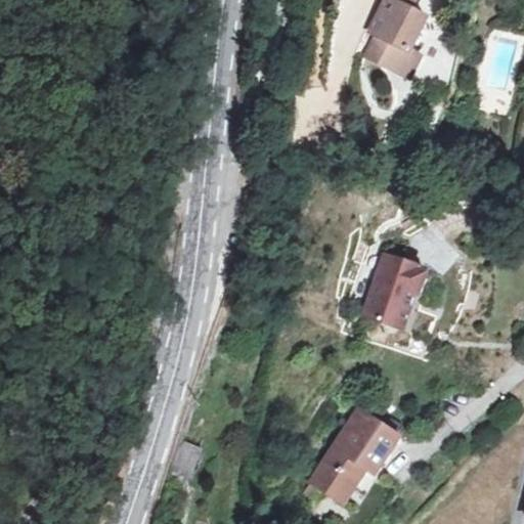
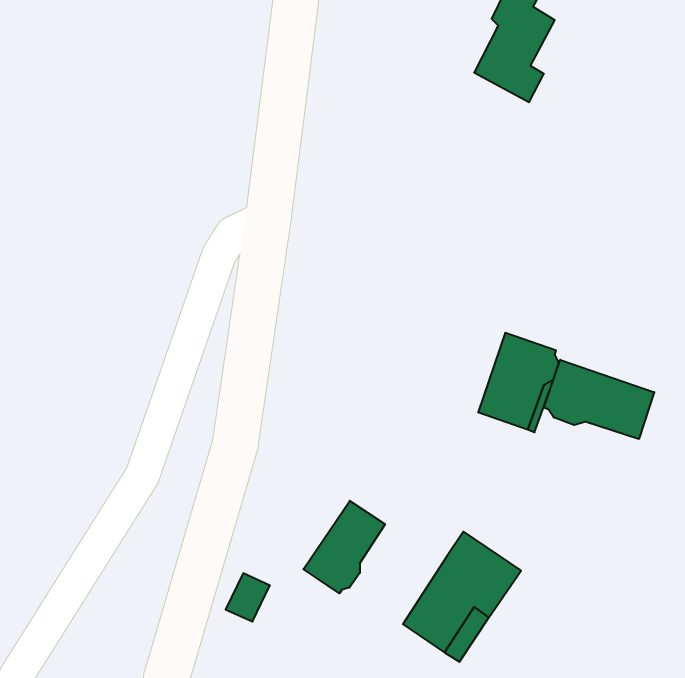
building: none -> [544,360,654,439]
building: none -> [303,501,385,593]

